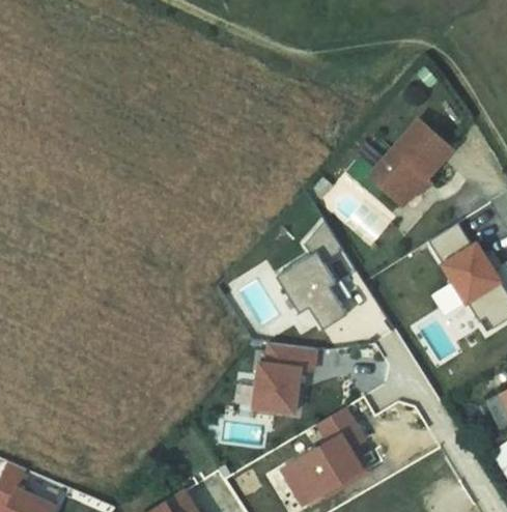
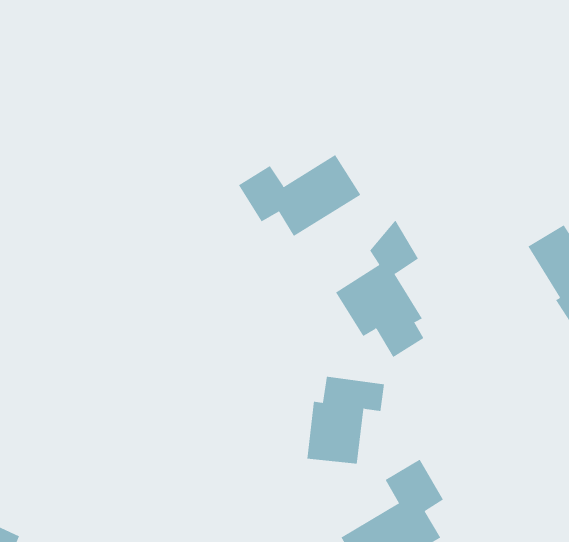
building: [369,120,452,206] -> none
building: none -> [238,154,361,237]

